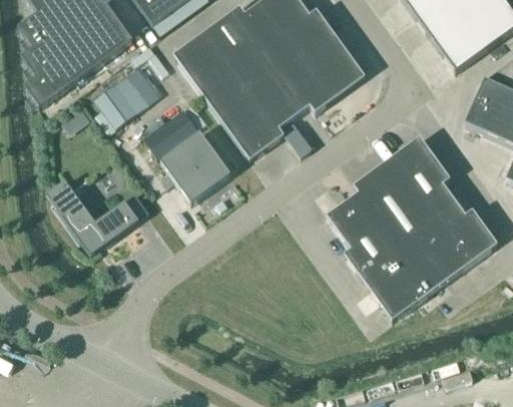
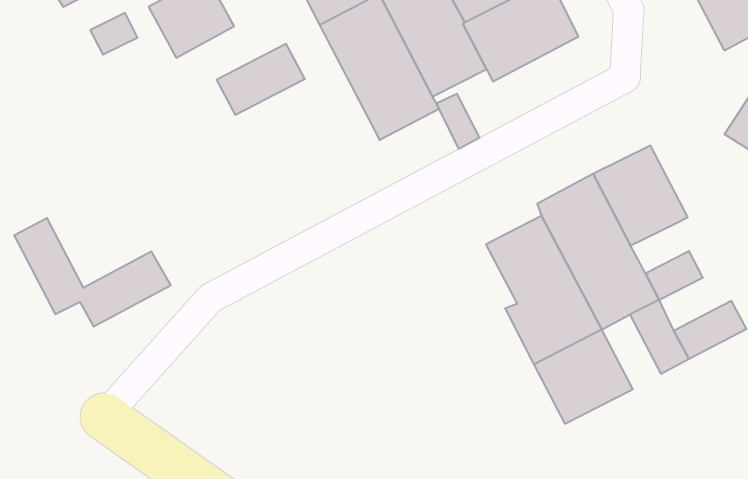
building: [160,130,230,201] -> none
building: [48,180,150,244] -> [14,218,171,327]
building: [417,182,454,217] -> none
building: [440,209,485,250] -> none
building: [407,244,448,290] -> none

